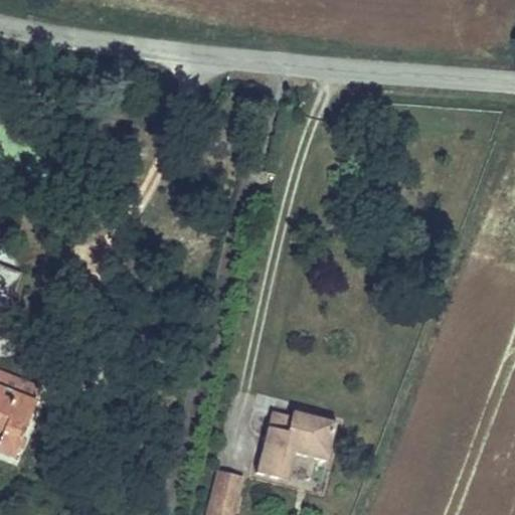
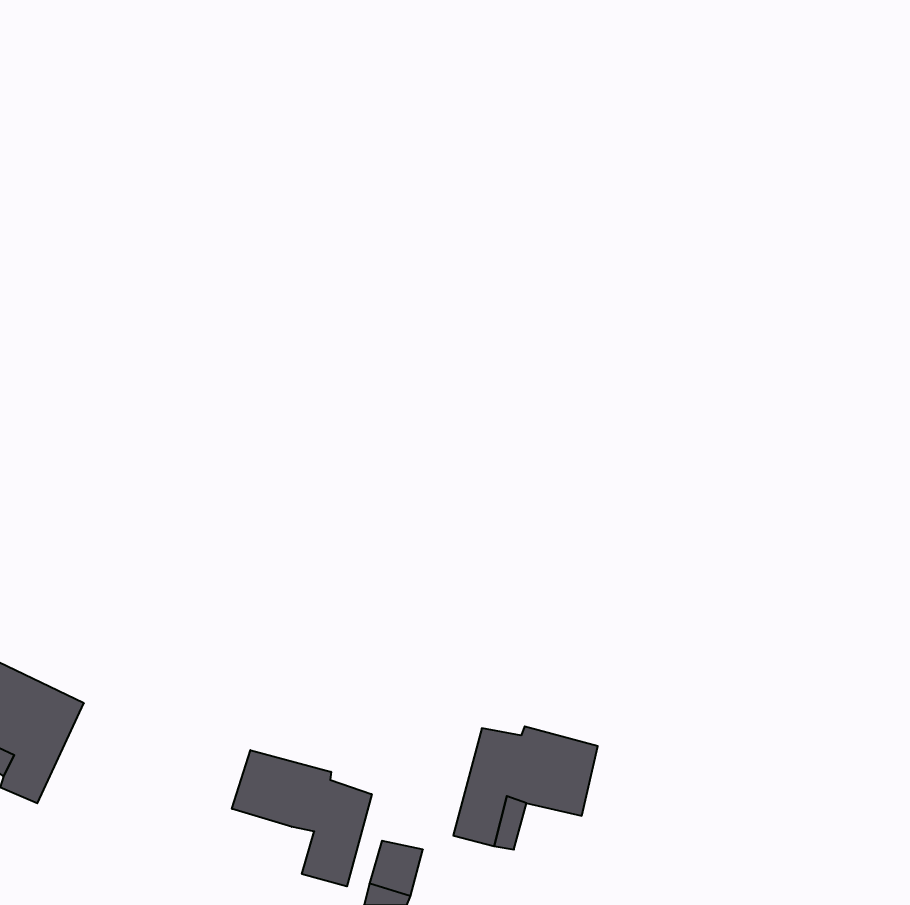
building: none -> [232,750,372,886]

